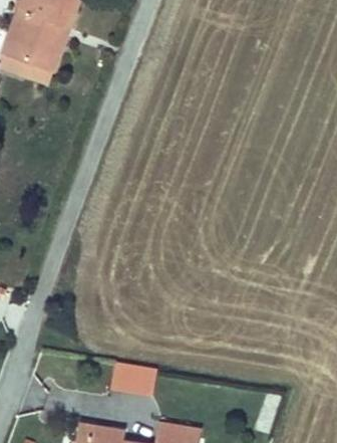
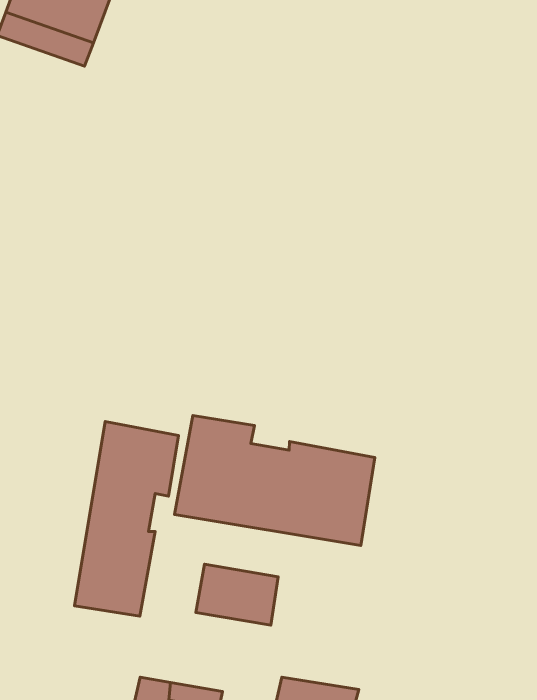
building: none -> [174,415,375,546]
building: none -> [75,421,179,616]

